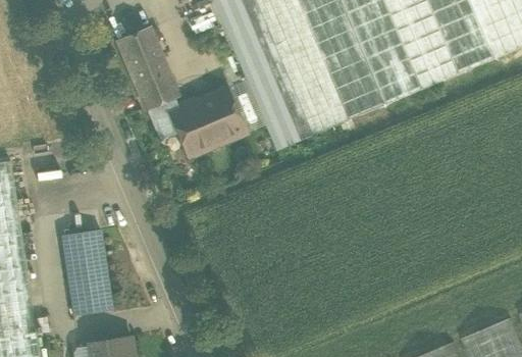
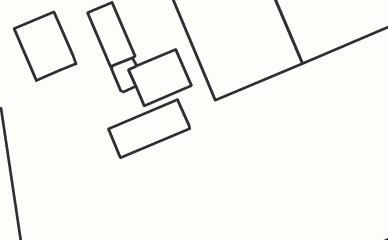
building: none -> [14,12,76,81]
building: none -> [109,100,190,158]
building: [60,228,111,315] -> none

